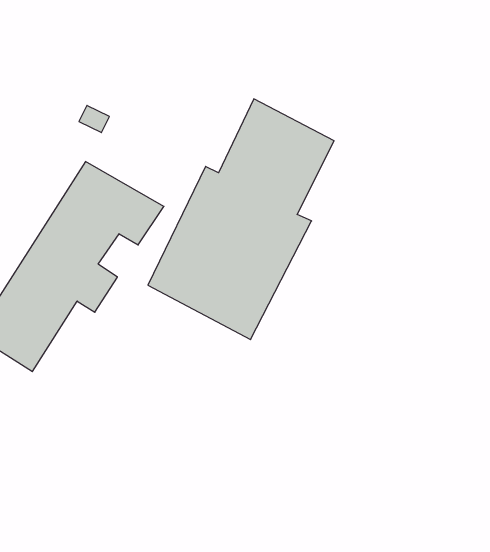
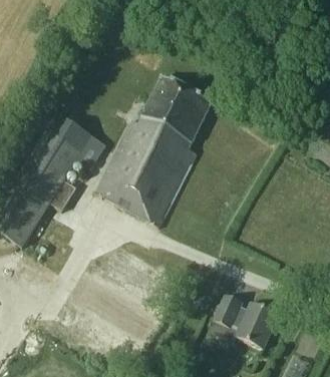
building: none -> [210,293,279,347]

